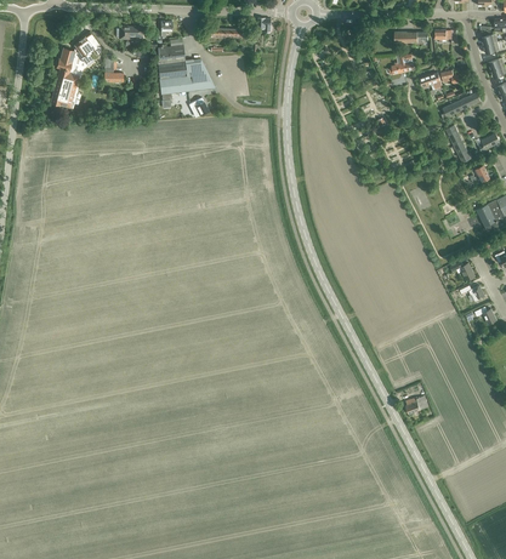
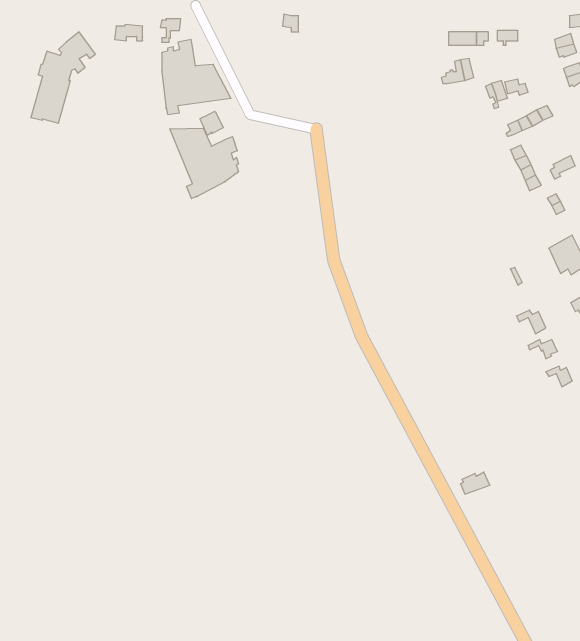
building: none -> [170,128,238,199]

